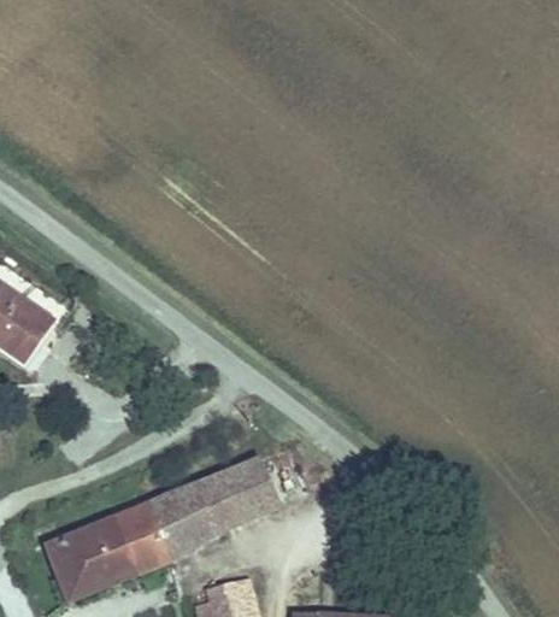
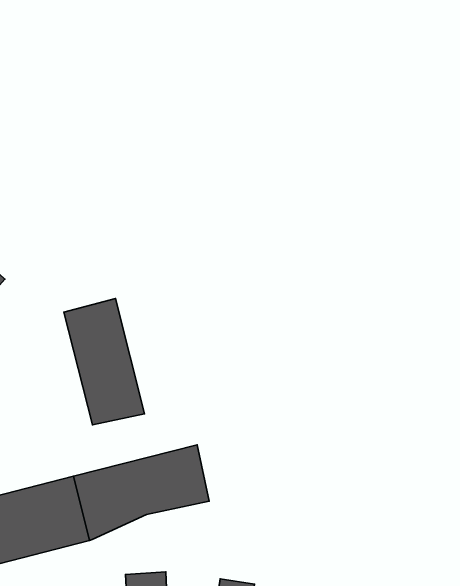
building: none -> [64,298,144,425]

